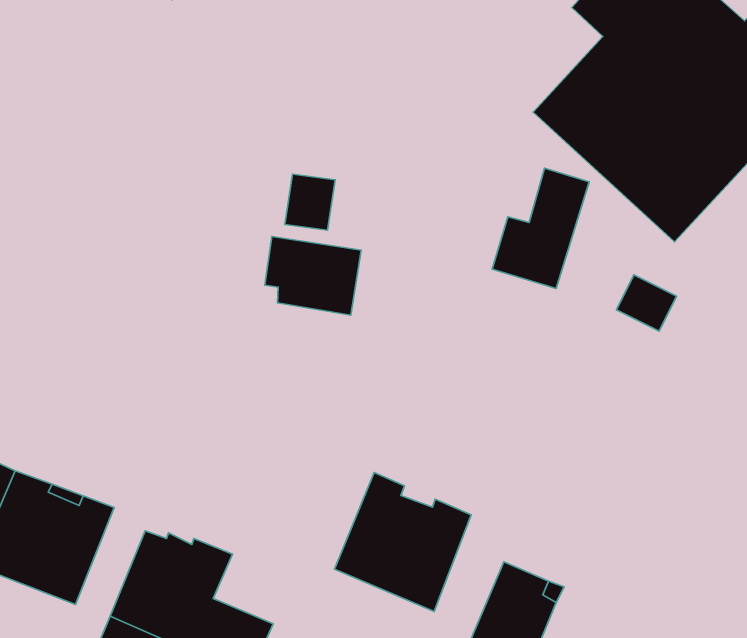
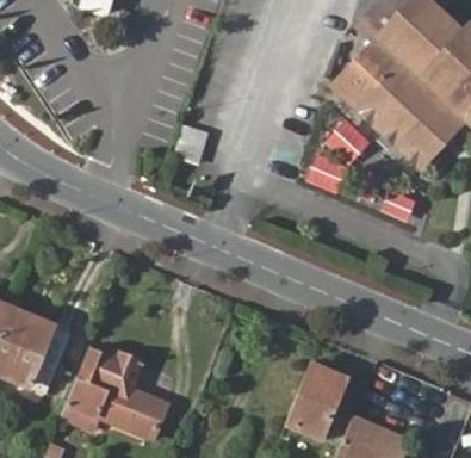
building: [265,237,361,315] -> none
building: [335,473,471,612] -> none

